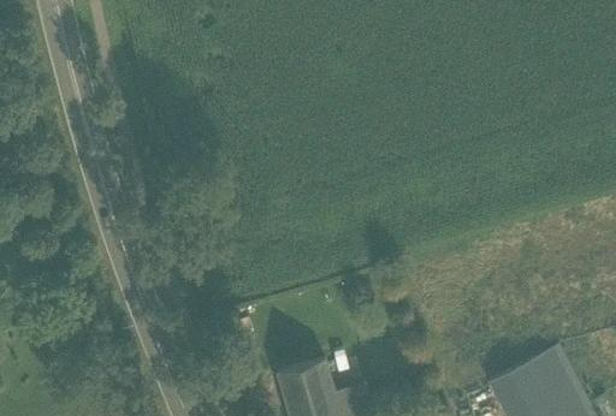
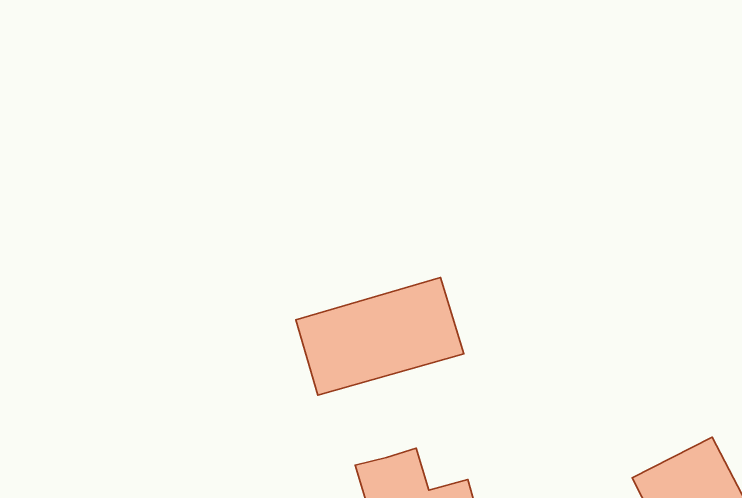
building: none -> [296,277,464,395]

